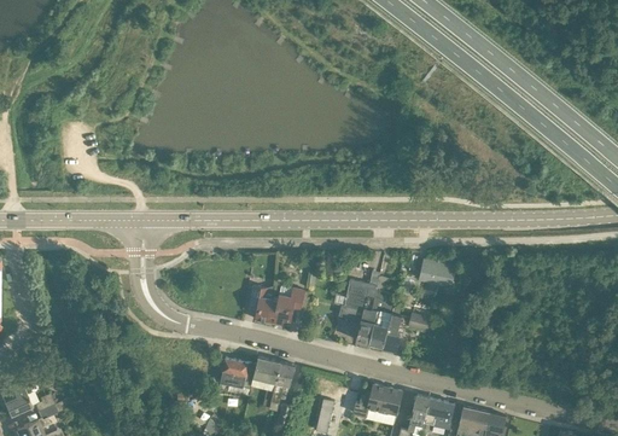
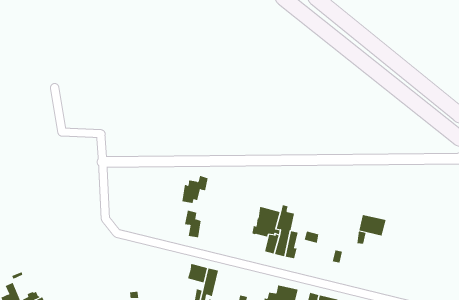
building: [419,258,456,287] -> [358,214,387,236]
building: [269,287,305,325] -> [181,175,209,203]
building: [220,357,257,389] -> none

